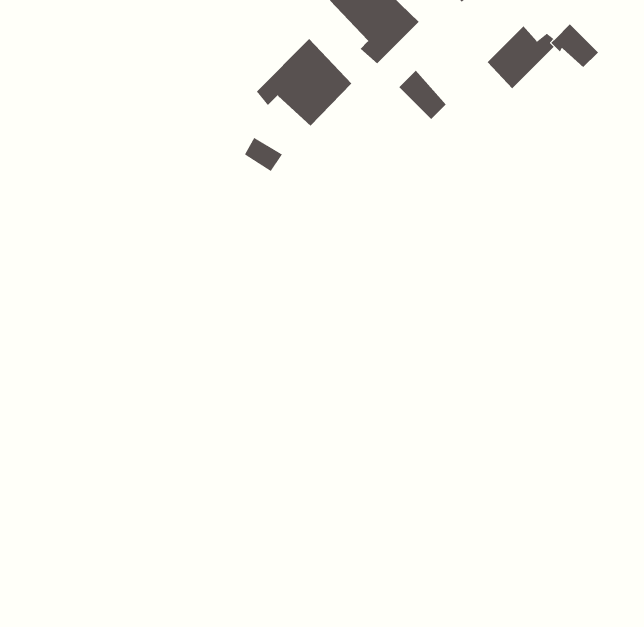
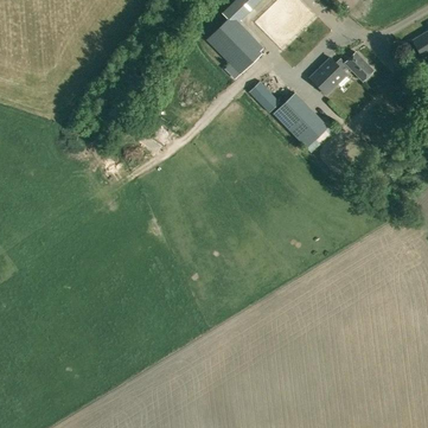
building: [256,38,352,127] -> none
building: none -> [273,92,330,149]

